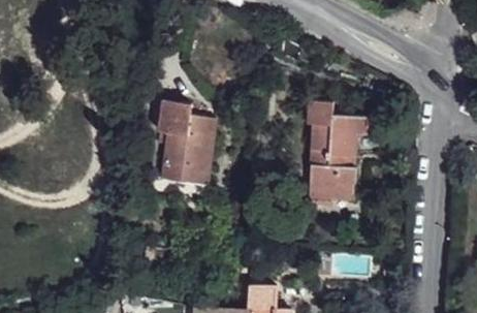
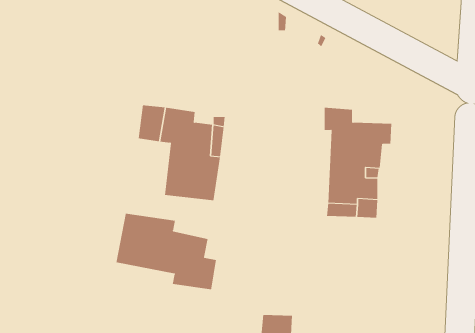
building: none -> [116,213,216,290]

